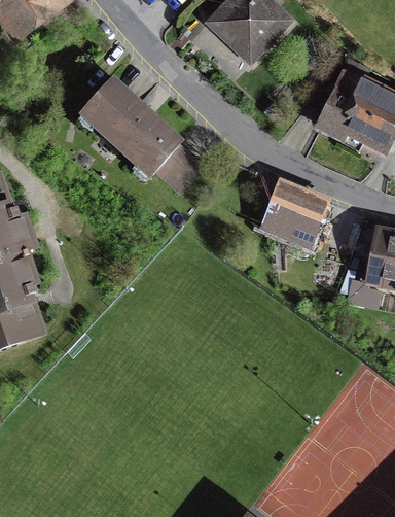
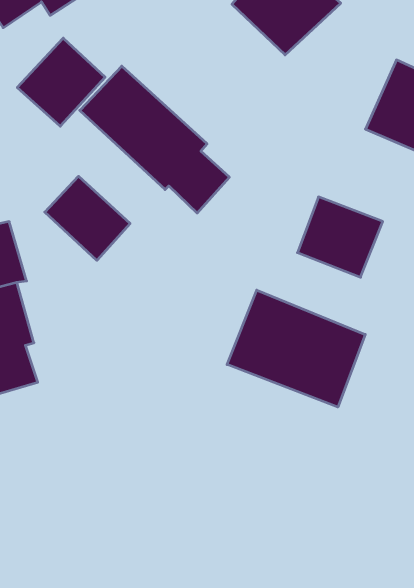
building: none -> [17,38,105,126]
building: none -> [45,176,130,260]
building: none -> [227,290,365,407]

